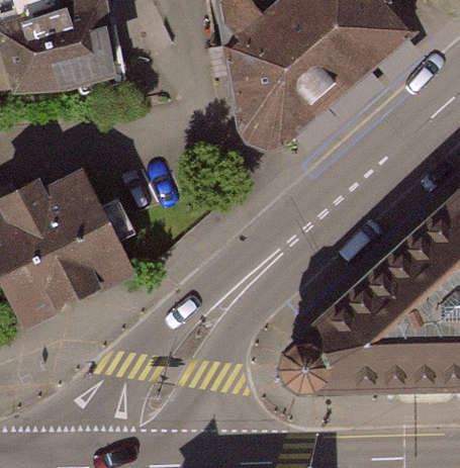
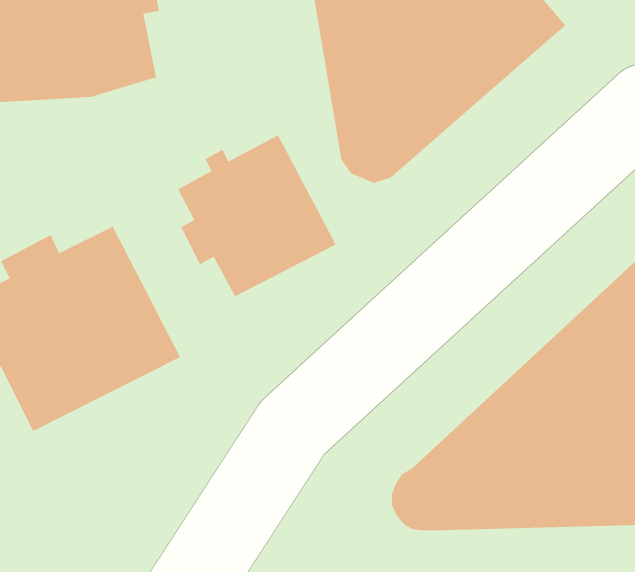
building: none -> [178,134,337,297]

